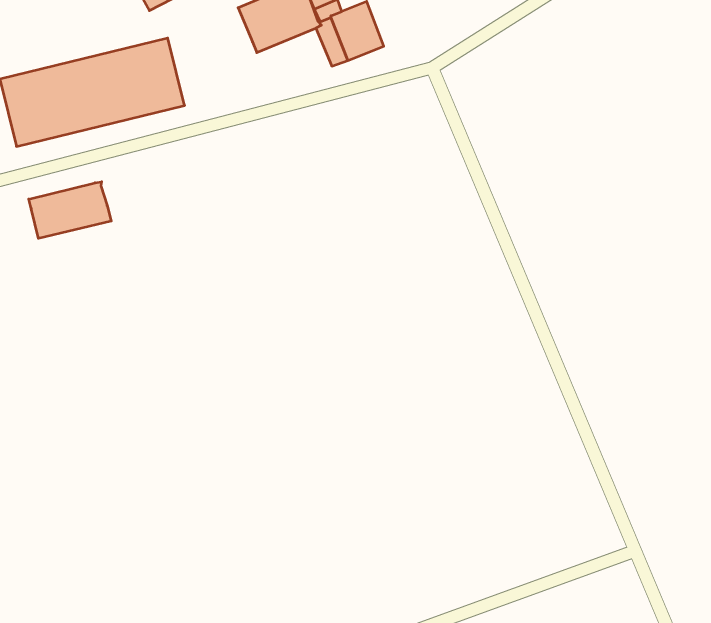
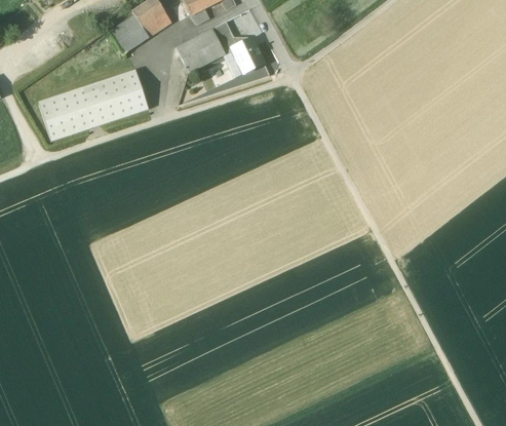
building: [29,182,111,238] -> none

